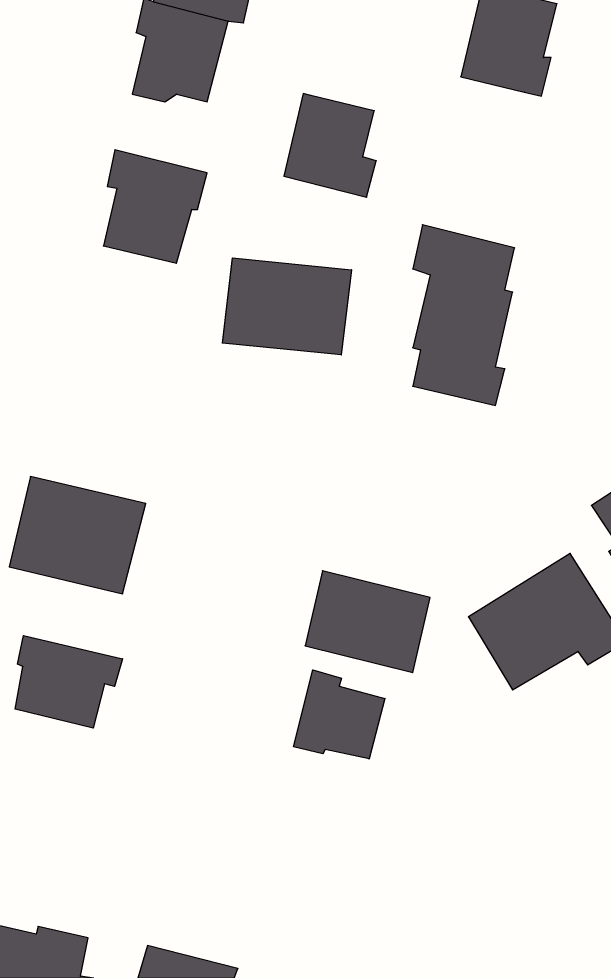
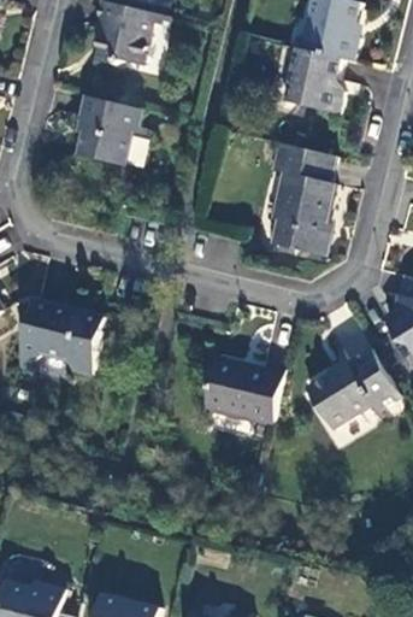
building: [284,94,376,197] -> [284,47,342,112]
building: [222,258,351,355] -> none
building: [15,636,123,728] -> none
building: [294,670,385,759] -> none

